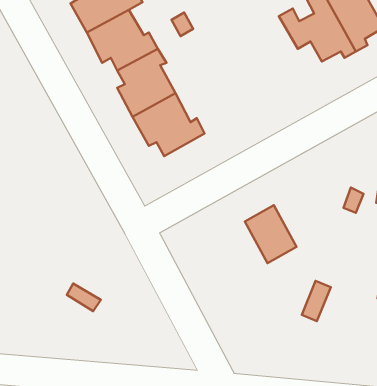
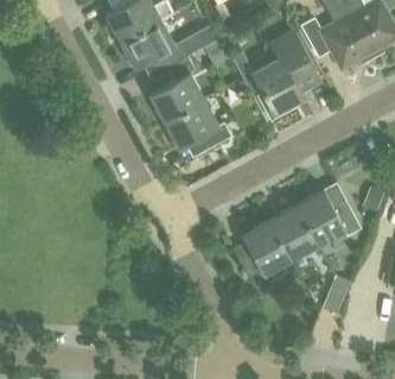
building: none -> [234,33,321,121]
building: none -> [297,189,361,242]
building: none -> [232,219,291,286]

